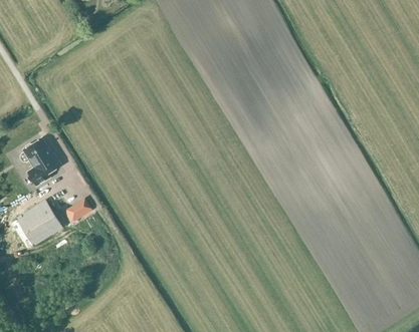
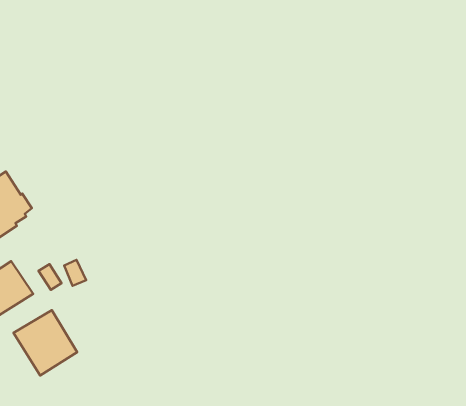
building: none -> [13,310,77,375]

